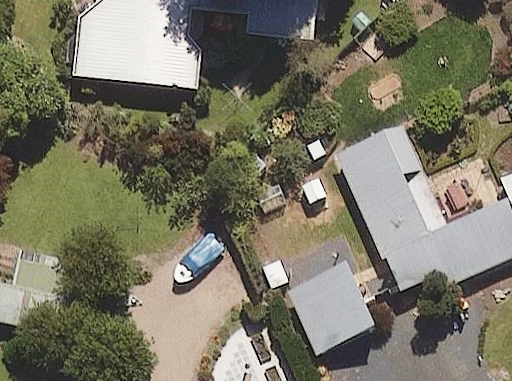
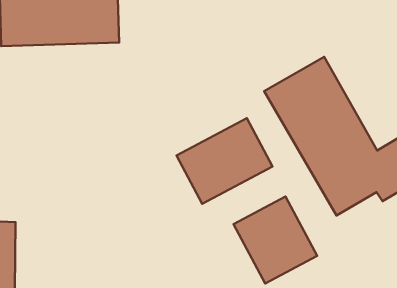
building: none -> [177,118,272,204]

